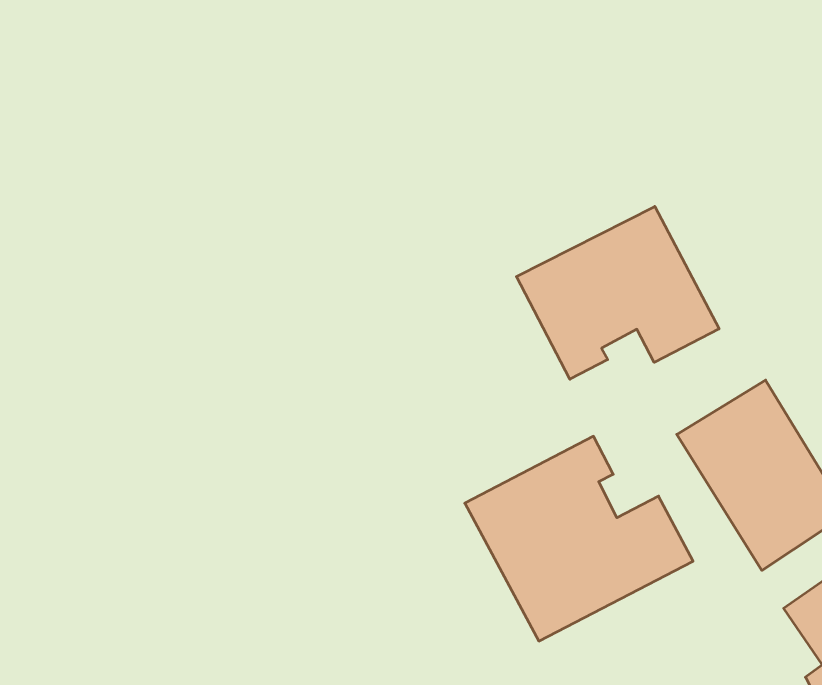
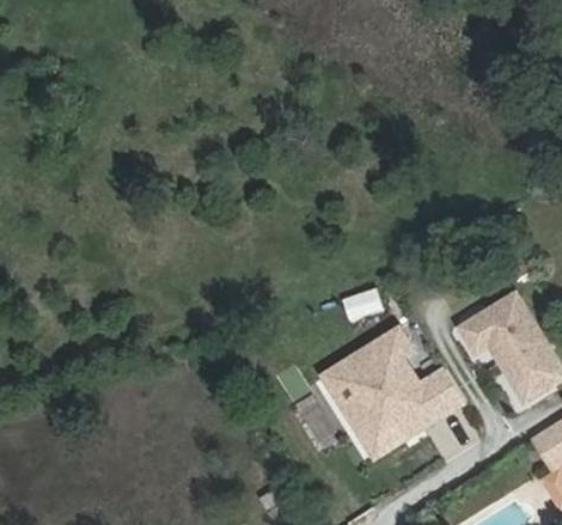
building: [516,206,719,379] -> none

